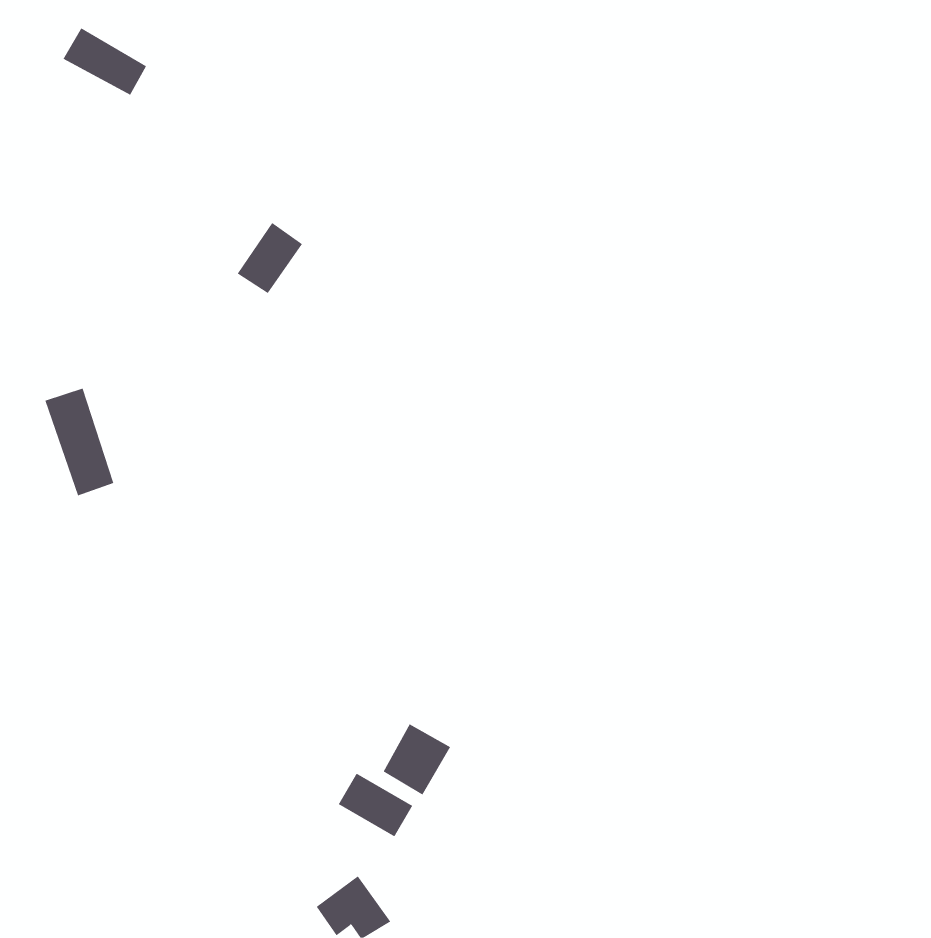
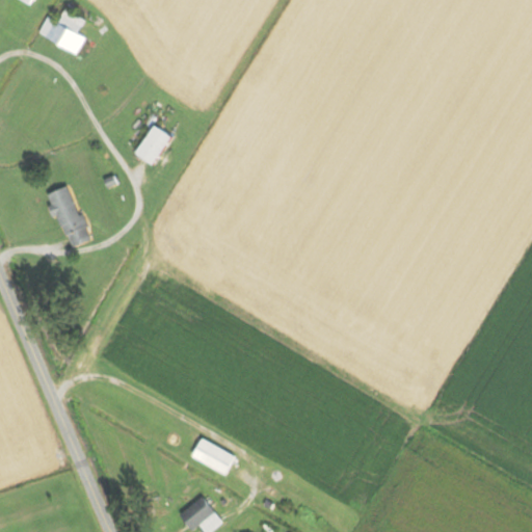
building: [45,388,114,496] -> [48,187,87,248]
building: [383,724,451,796] -> none

